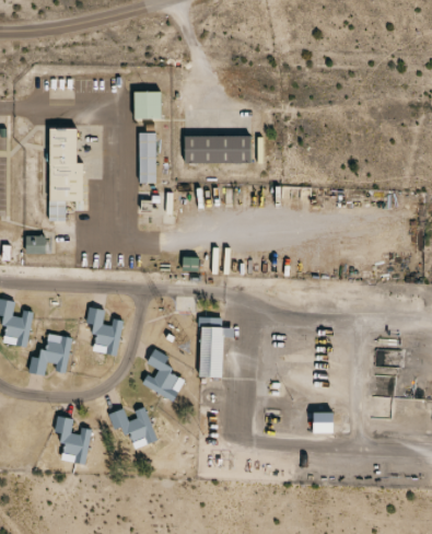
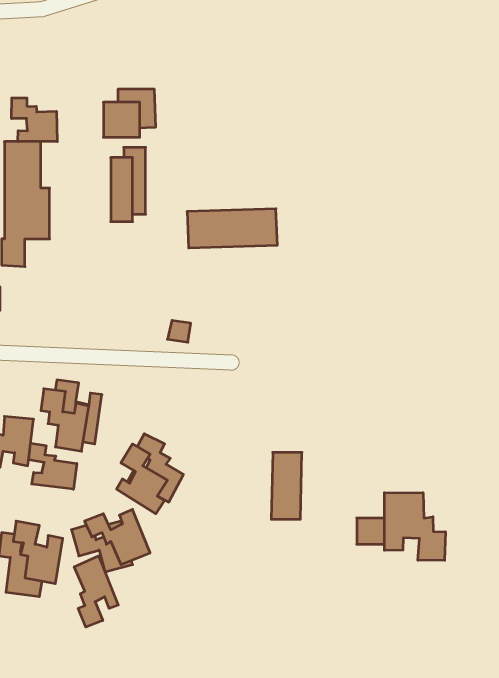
building: none -> [12,98,57,142]
building: [184,134,252,163] -> [187,209,277,248]
building: [201,324,224,374] -> [271,452,302,519]
building: none -> [29,443,77,489]
building: none -> [384,493,445,560]
building: none -> [74,556,118,627]

